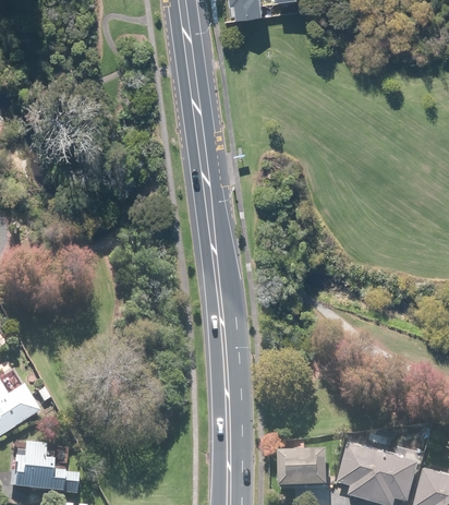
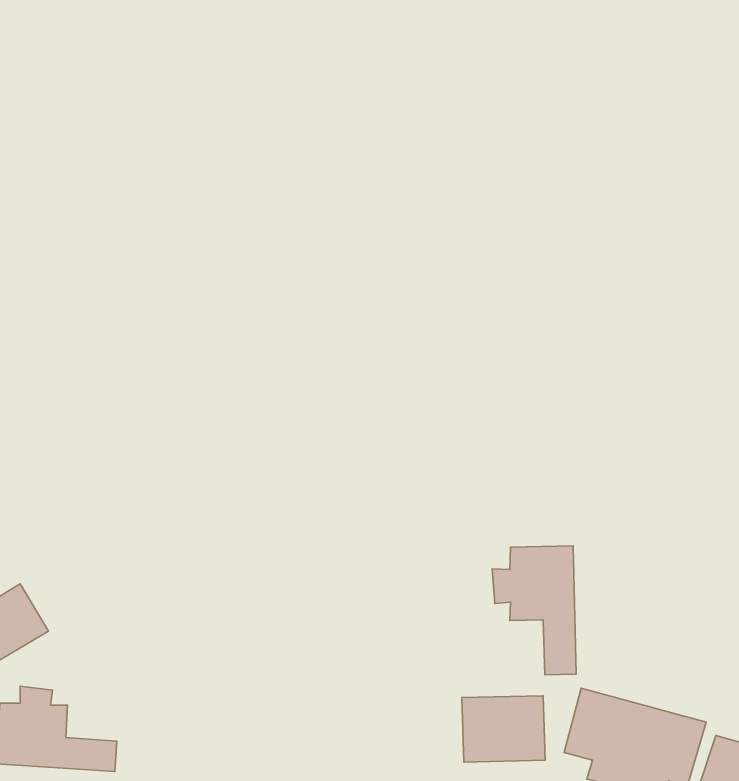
building: none -> [492,546,576,675]

